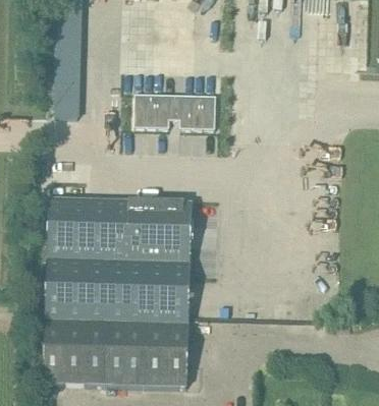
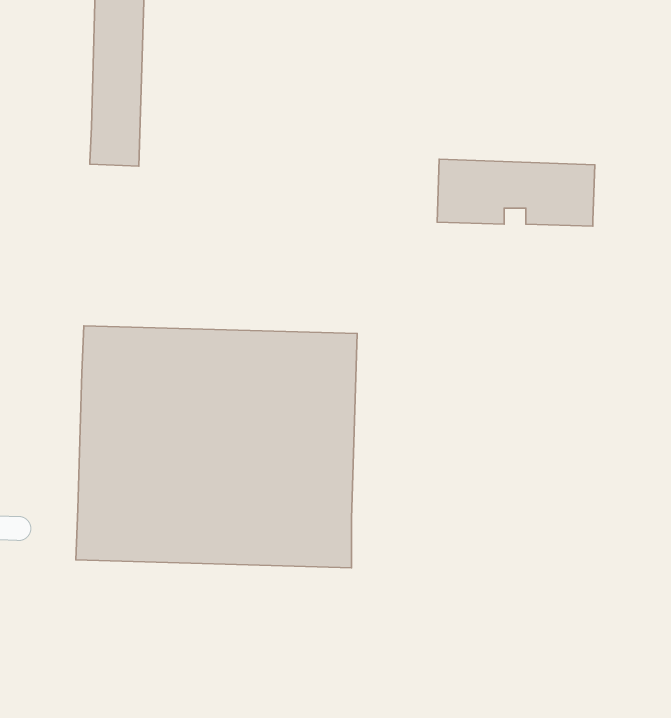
building: [132,94,214,128] -> [437,159,595,226]
building: [43,321,187,387] -> none

